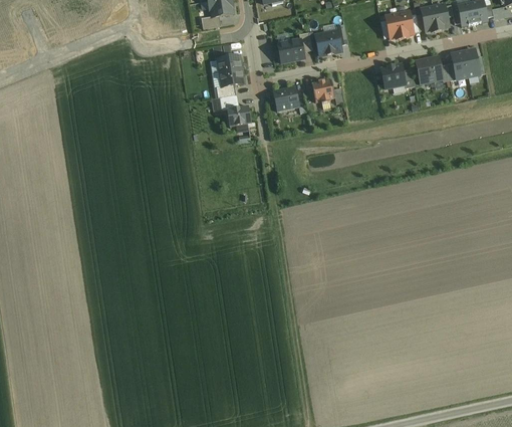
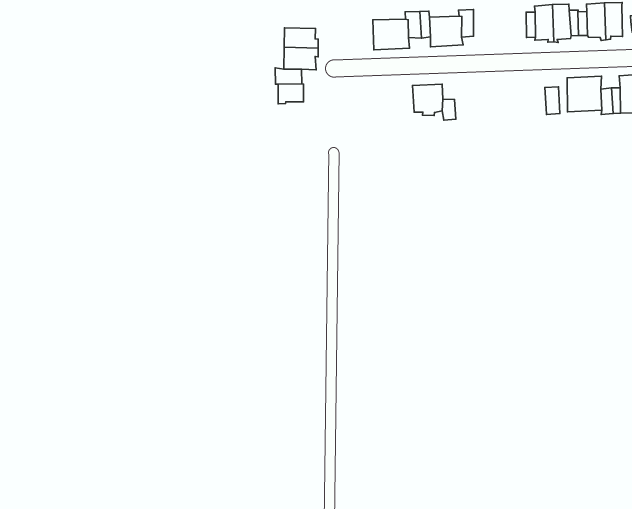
building: [380,64,404,88] -> none
building: [272,86,298,111] -> none
building: [226,105,250,127] -> none

